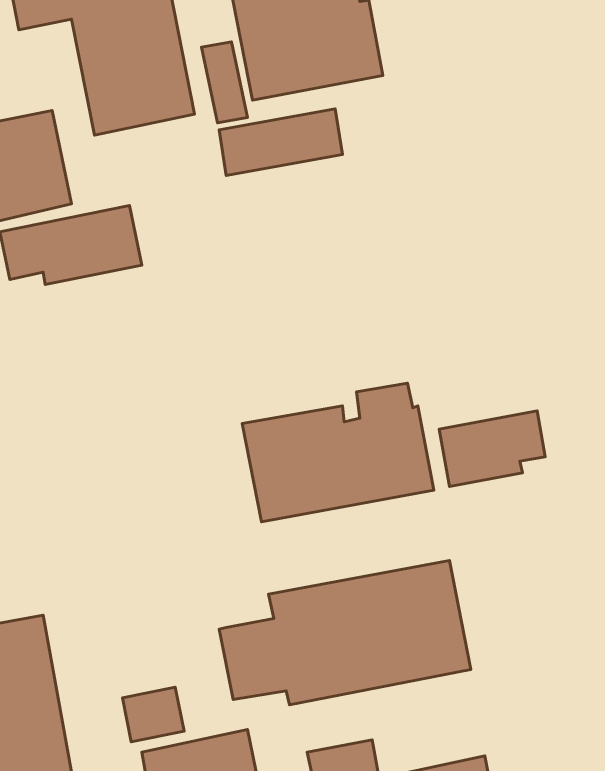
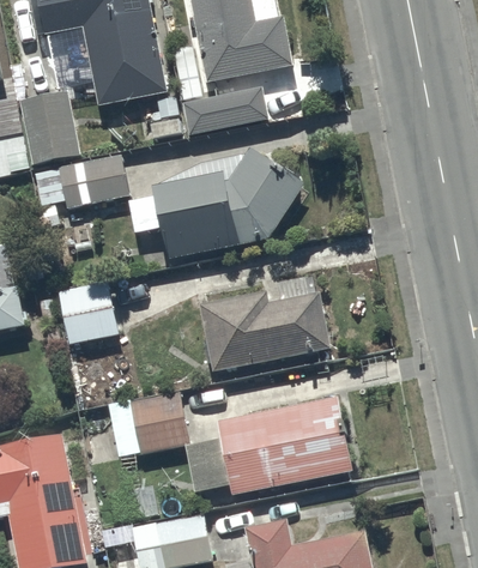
building: none -> [126,147,304,260]
building: none -> [56,279,116,344]
building: [439,411,545,487] -> none
building: none -> [105,389,187,457]

